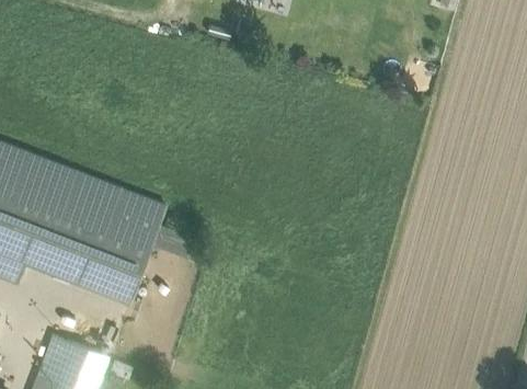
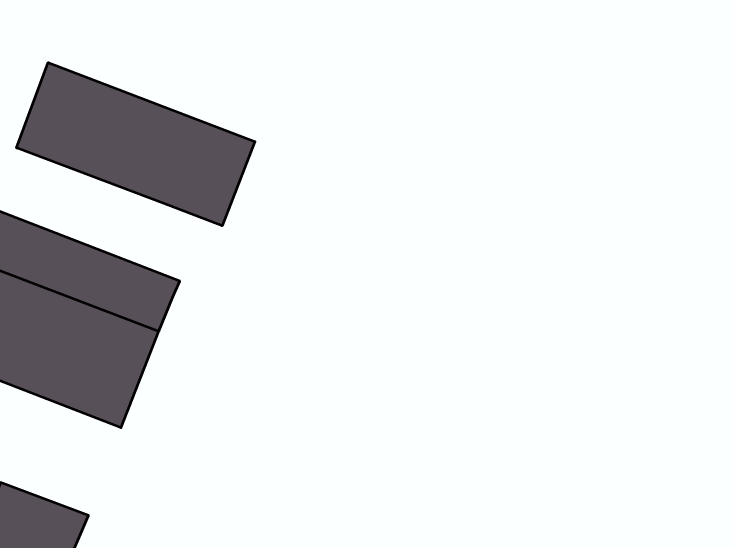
building: none -> [17,63,255,226]

